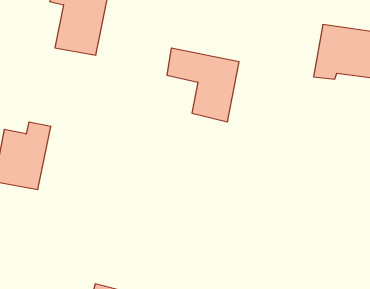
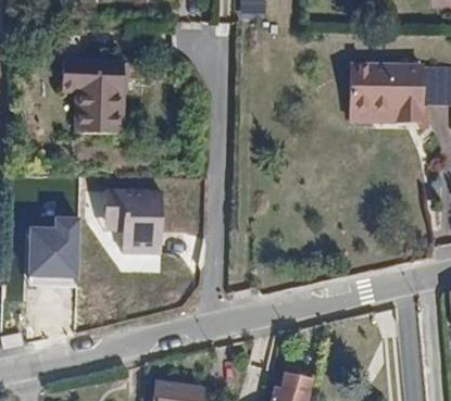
building: [167,48,239,122] -> [90,187,164,255]

